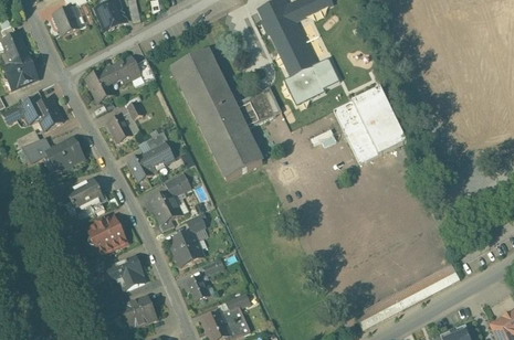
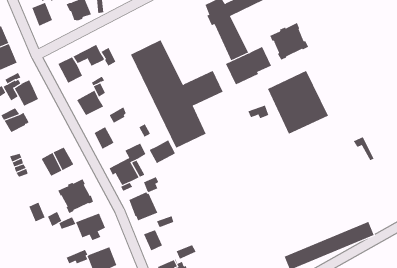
building: none -> [269,22,309,60]
building: [48,137,83,170] -> none
building: [143,141,175,170] -> [149,140,176,164]

